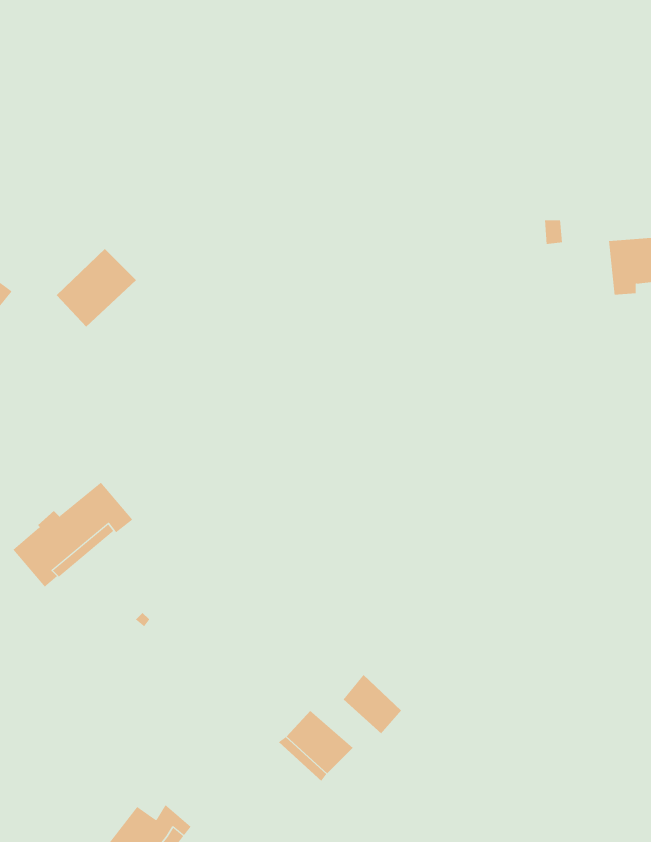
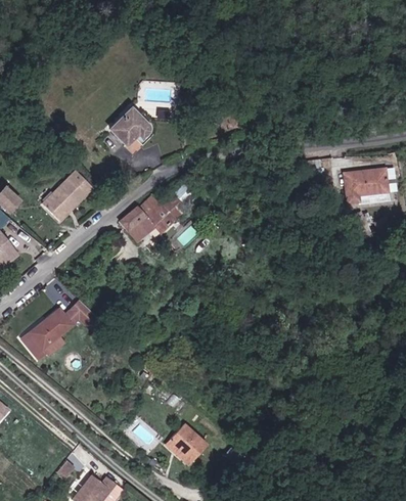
building: none -> [108,109,145,144]
building: none -> [118,182,194,244]
building: [343,674,402,734] -> none

